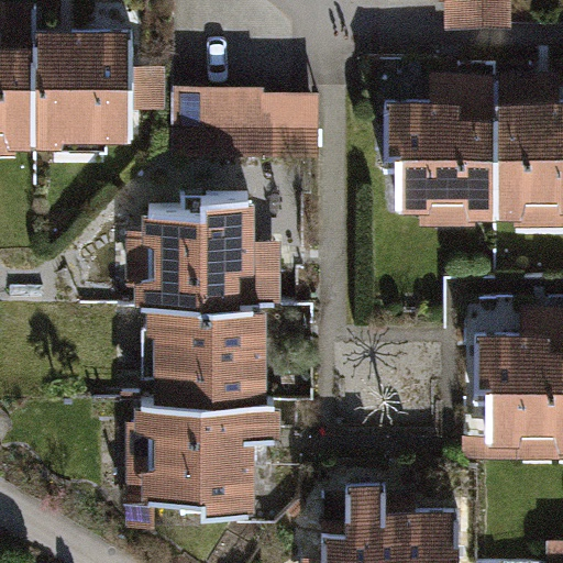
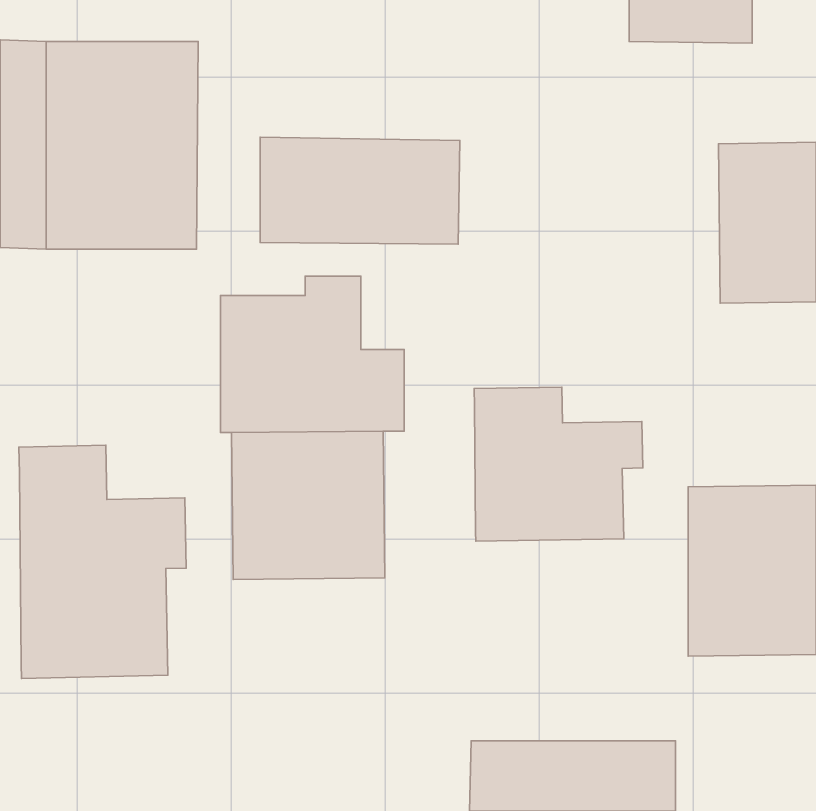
building: [395,99,496,210] -> none
building: none -> [474,387,643,541]
building: none -> [19,445,186,678]
building: [142,398,276,506] -> none

